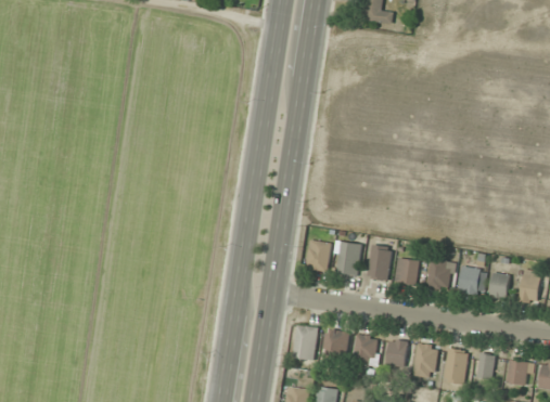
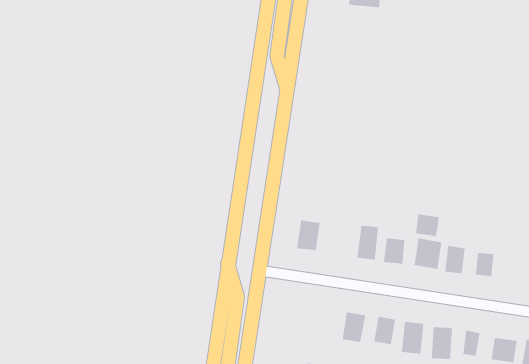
building: none -> [416,213,440,237]
building: [336,242,361,276] -> none
building: [521,270,539,302] -> none
building: [293,325,317,360] -> none
building: [322,329,348,355] -> none

